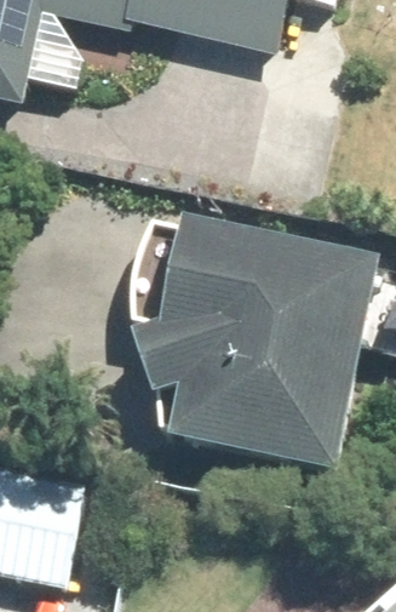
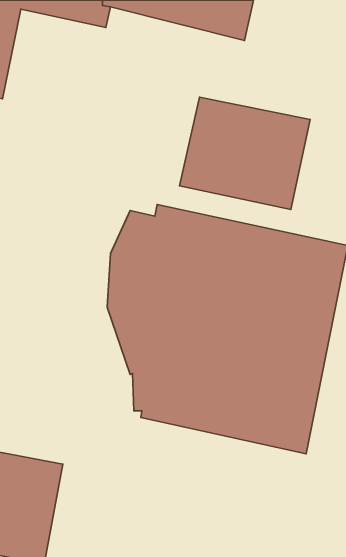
building: none -> [179,97,310,210]

